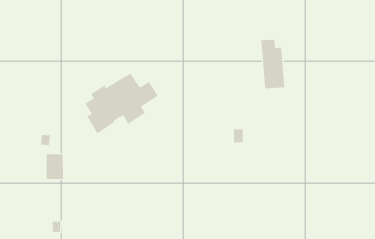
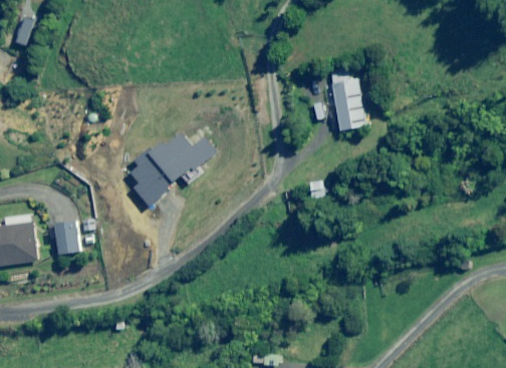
building: [46,154,64,180] -> [54,220,79,253]

